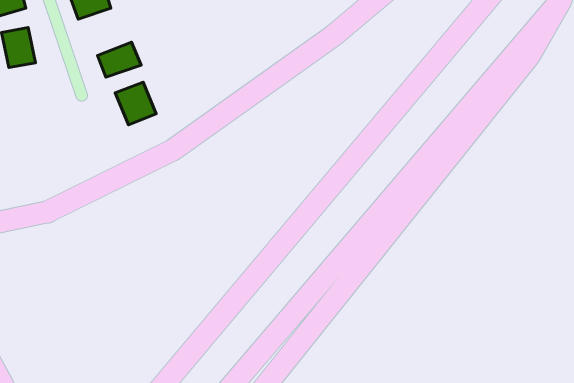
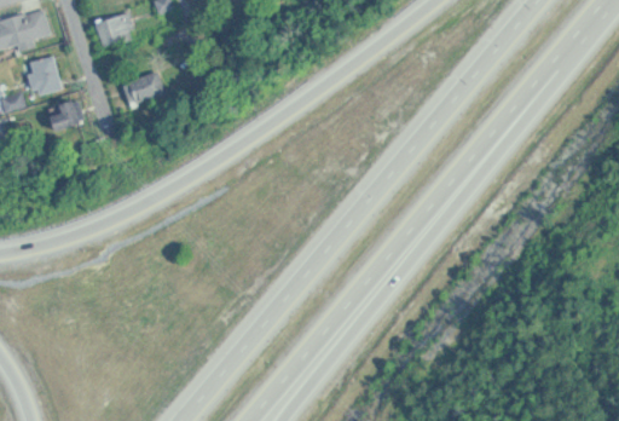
building: none -> [47,103,76,133]
building: [115,82,156,125] -> none

